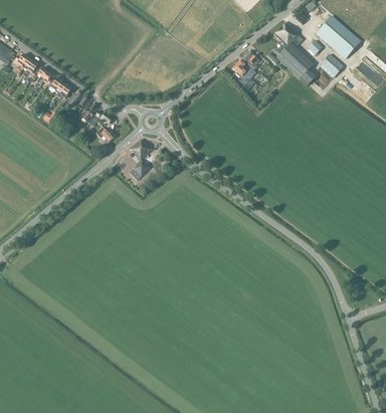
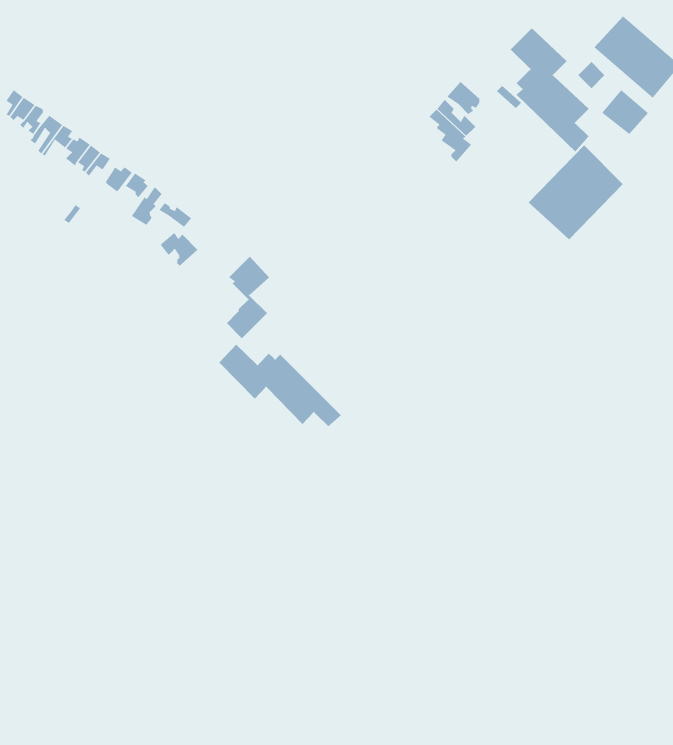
building: none -> [528,144,624,240]
building: none -> [218,344,342,427]

